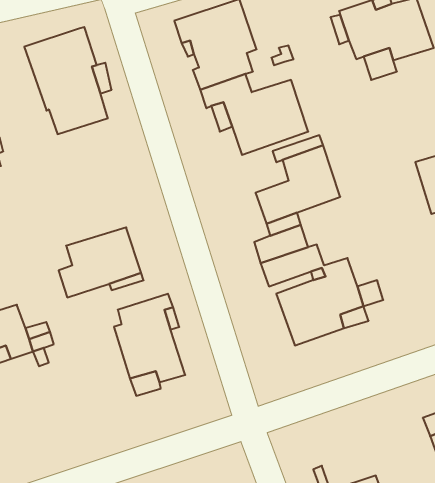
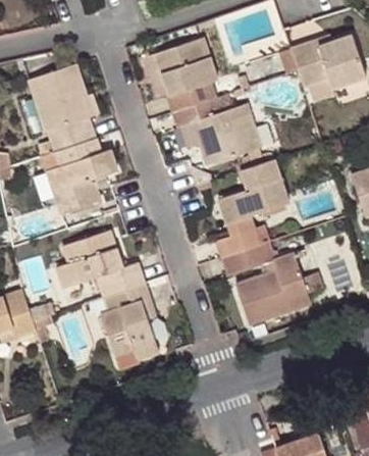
building: none -> [44,138,116,213]

